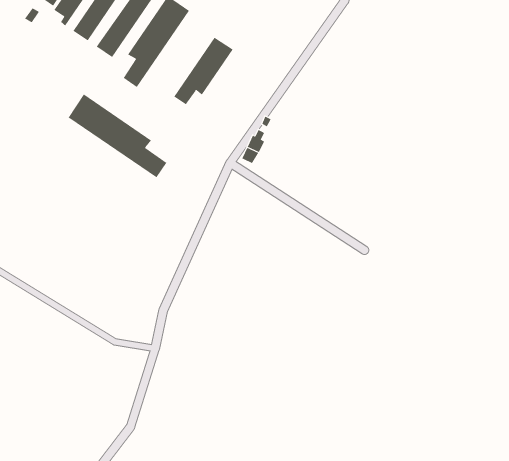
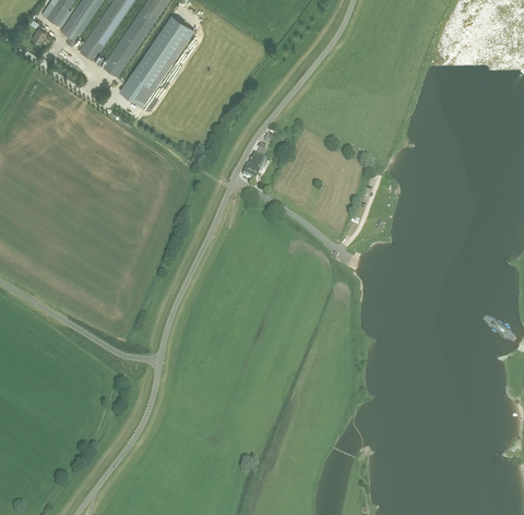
building: [174,37,233,105] -> none
building: [68,94,167,178] -> none

